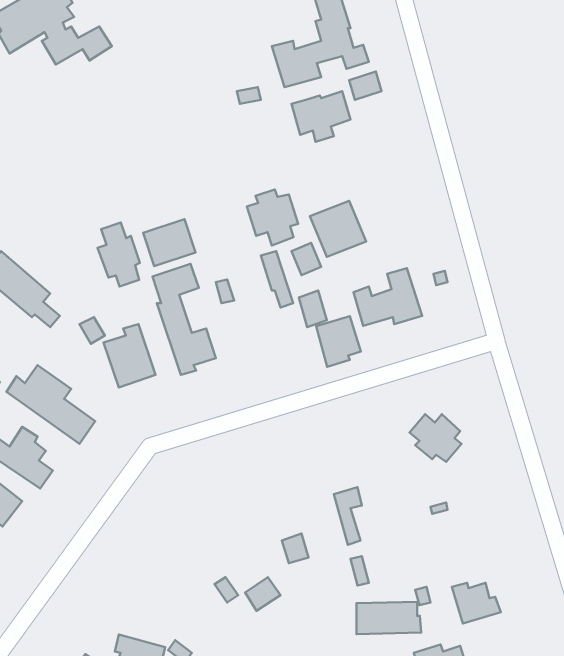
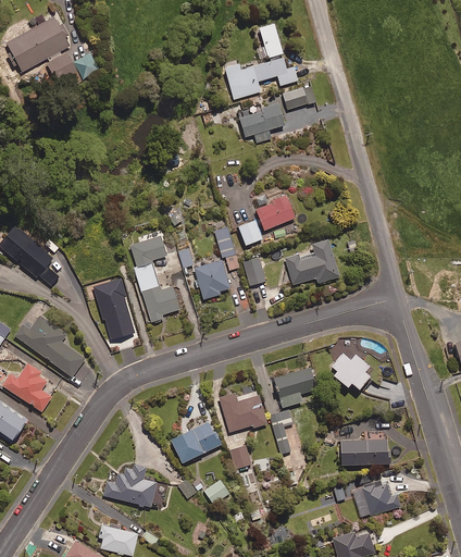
building: [247,190,298,246] -> none
building: [143,219,196,266] -> none
building: [97,222,140,287] -> none
building: [316,316,361,367] -> [195,261,229,300]
building: none -> [274,369,315,408]
building: none -> [220,394,266,432]
building: none -> [170,422,222,465]
building: none -> [103,466,158,508]
building: [357,602,421,634] -> [340,441,390,466]

